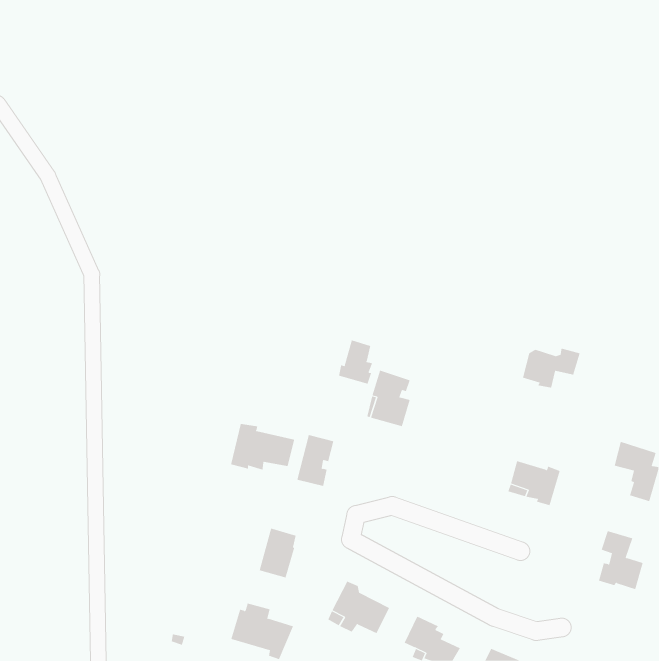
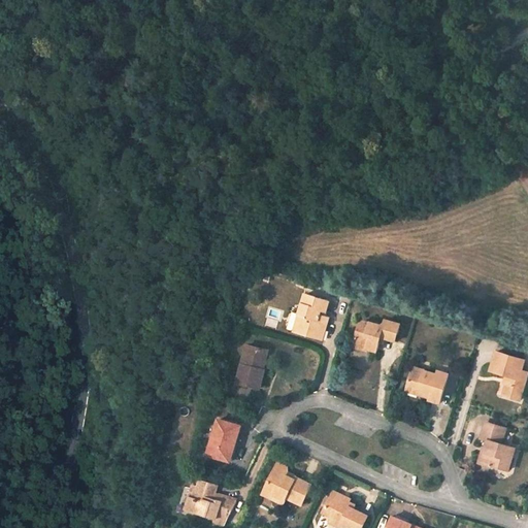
building: [339,340,373,385] -> none
building: [522,348,580,388] -> [353,320,399,352]
building: [230,423,295,471] -> none

